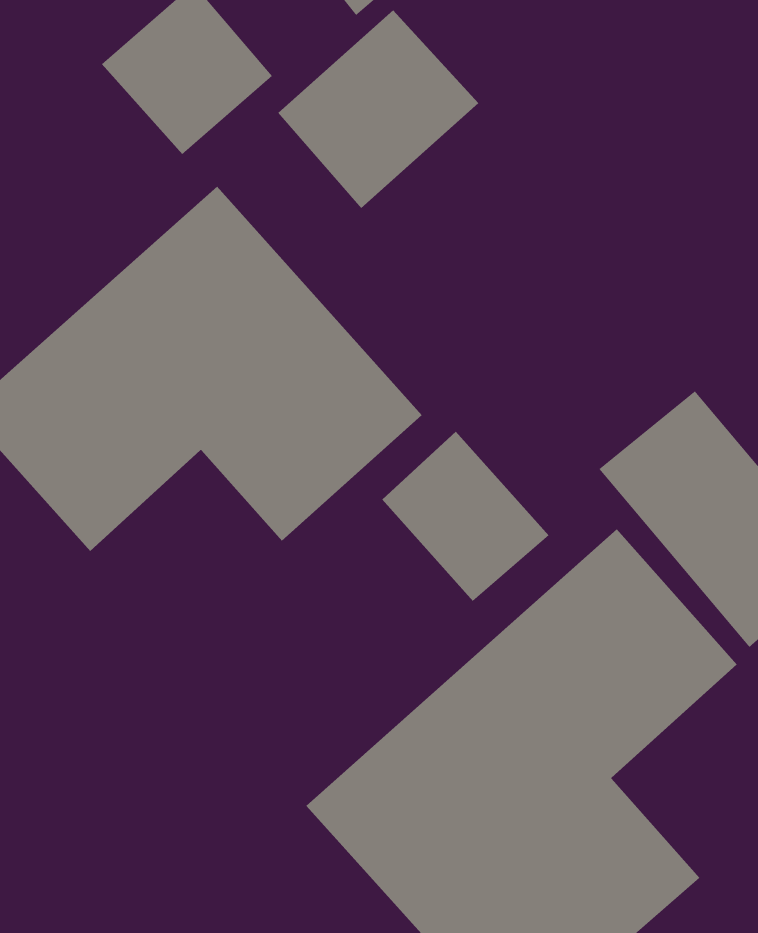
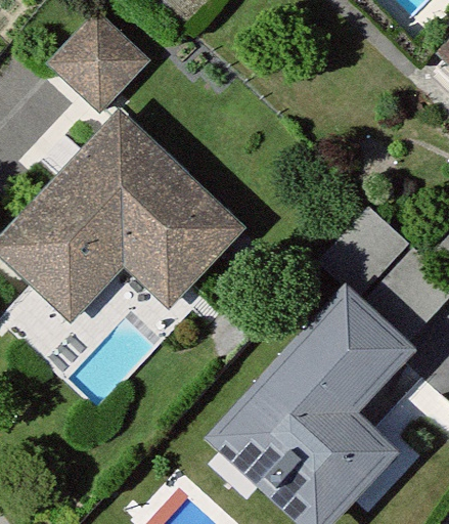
building: [278,9,479,209] -> none
building: [381,431,549,602] -> none

